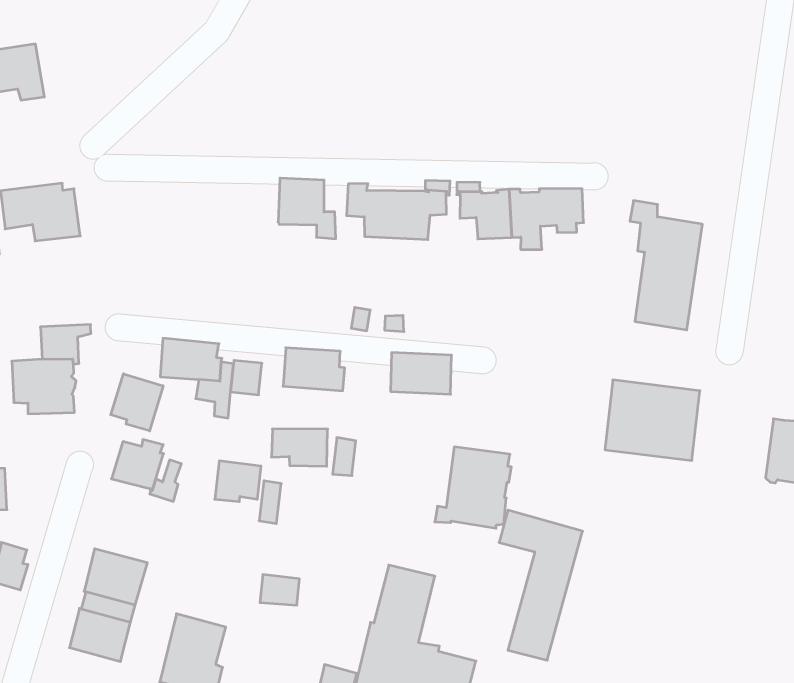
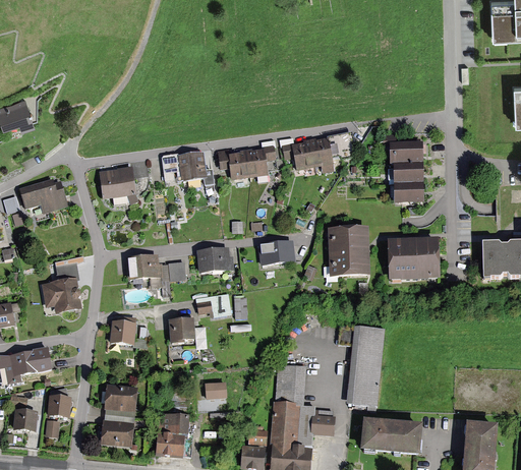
building: none -> [161,153,180,181]
building: none -> [99,167,136,203]
building: [111,374,163,431] -> none
building: [435,447,511,528] -> [326,229,365,275]

